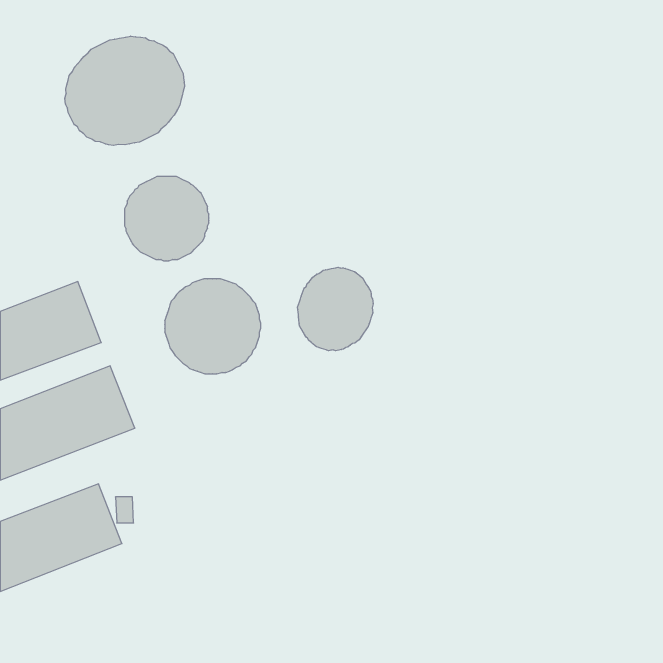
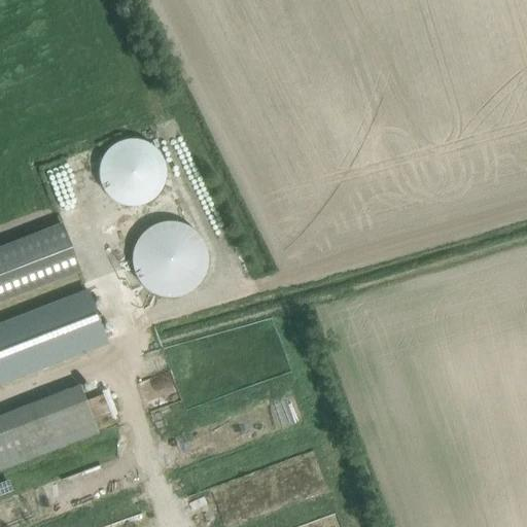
building: [65,36,185,145] -> none
building: [298,267,373,351] -> none

